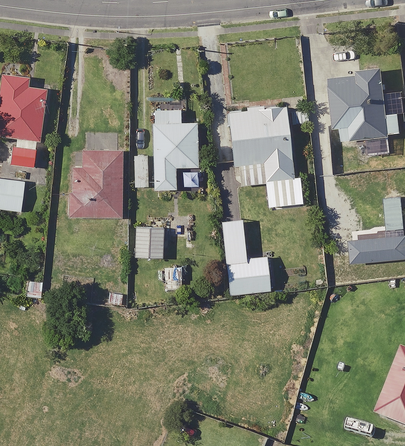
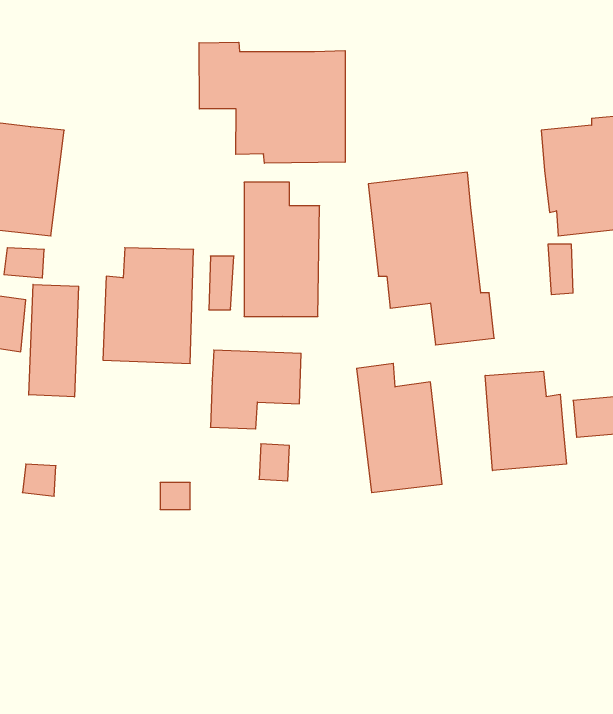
building: none -> [199,42,345,163]
building: none -> [29,284,79,397]
building: none -> [485,371,566,471]

